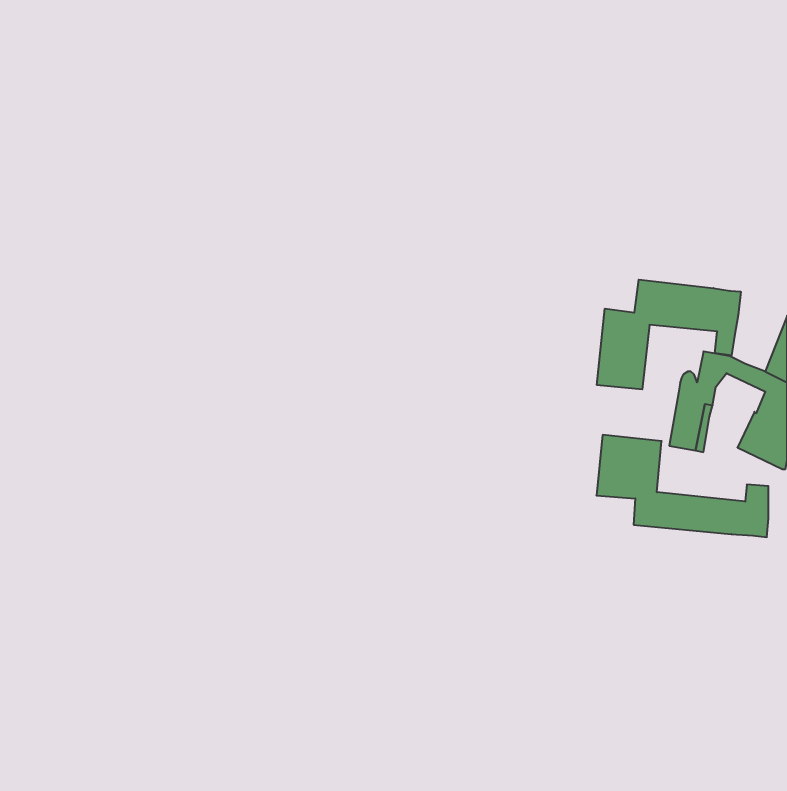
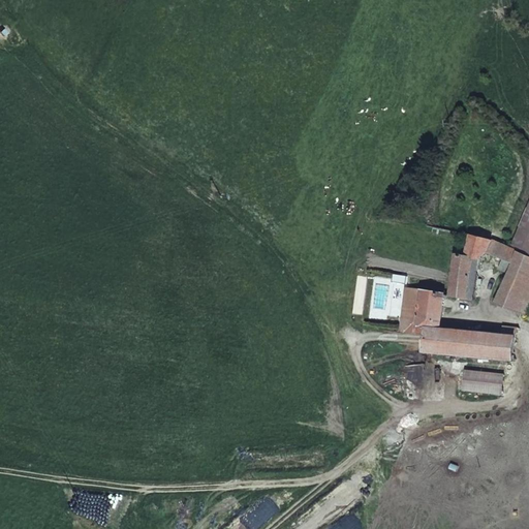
building: [597,280,741,389] -> none
building: none -> [462,369,502,393]

